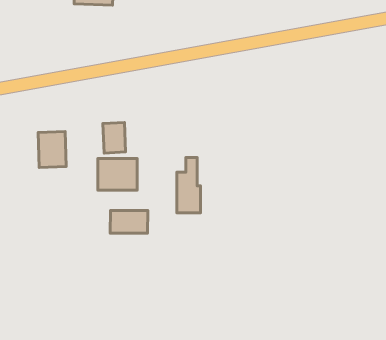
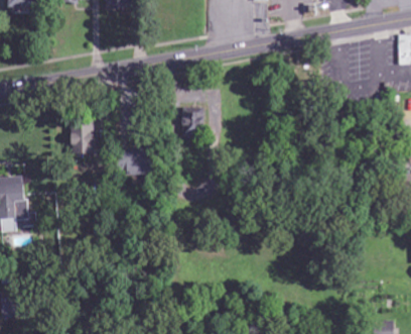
building: [103,123,126,153] -> [180,107,200,134]
building: [110,211,148,233] -> none

